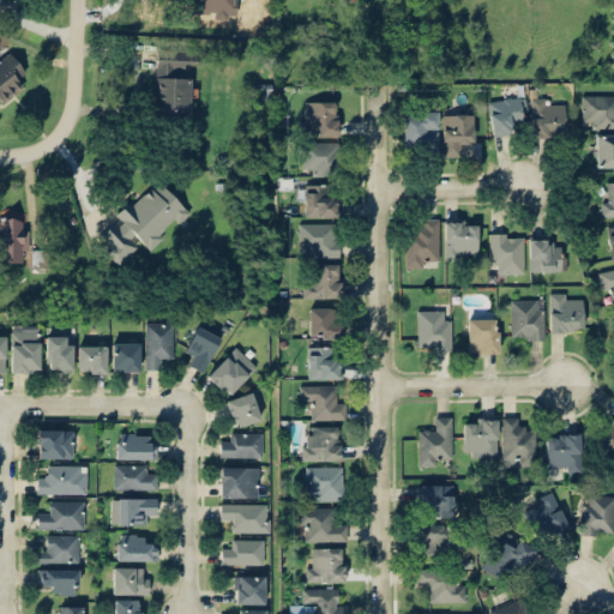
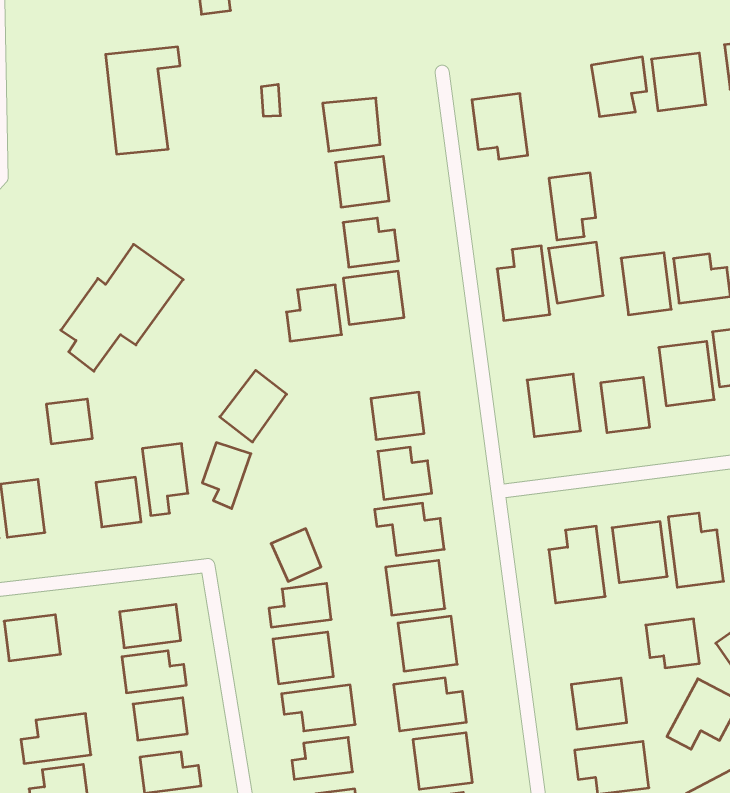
building: [445,115,474,158] -> [549,173,596,240]
building: [306,264,342,299] -> [286,285,342,341]
building: [79,347,108,374] -> [46,399,92,444]
building: [209,348,257,397] -> [220,370,287,442]
building: [37,466,88,494] -> none
building: [421,486,455,517] -> [646,619,699,668]

